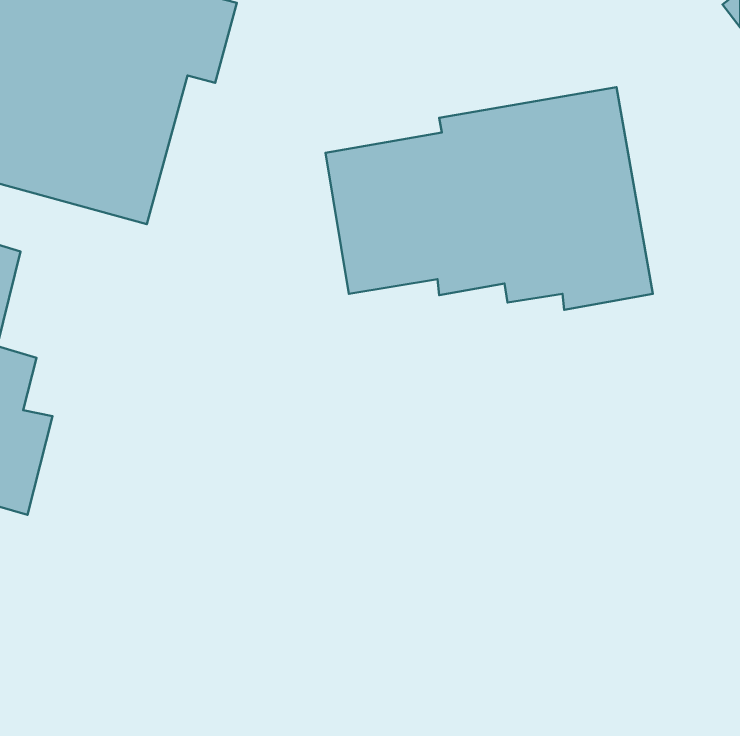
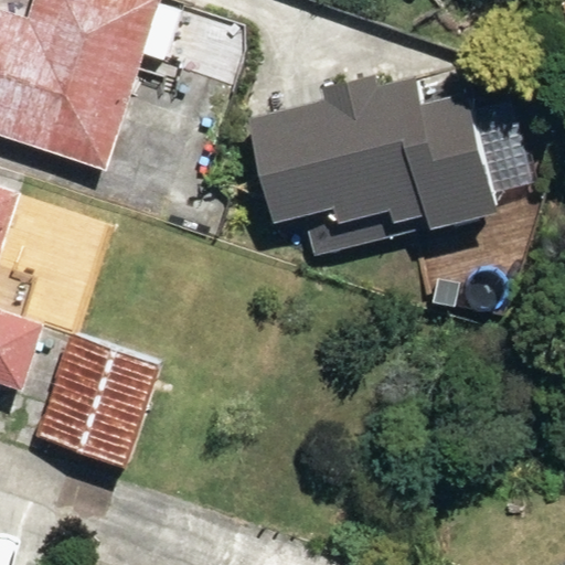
building: none -> [33,324,157,463]

